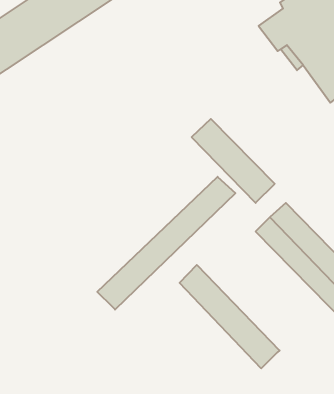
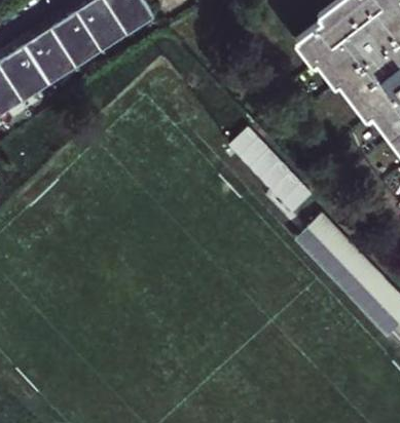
building: [97,177,235,310] -> none
building: [180,265,280,368] -> none

